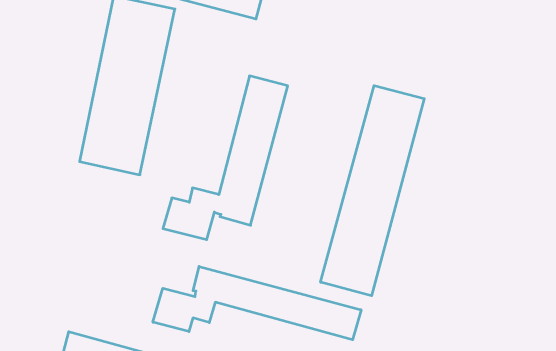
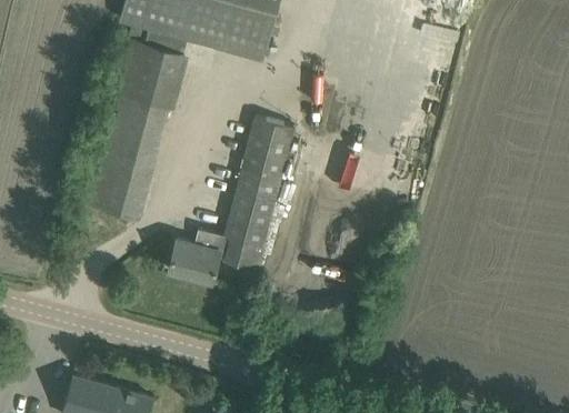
building: [321,86,424,296] -> none
building: [153,266,361,340] -> none

